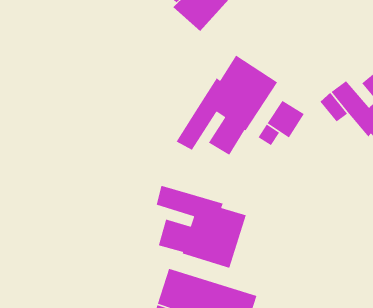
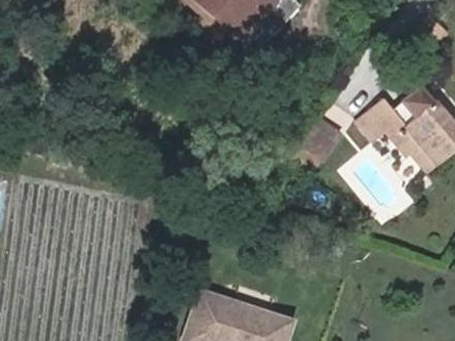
building: [176,55,278,156] -> none
building: [156,185,247,269] -> none

